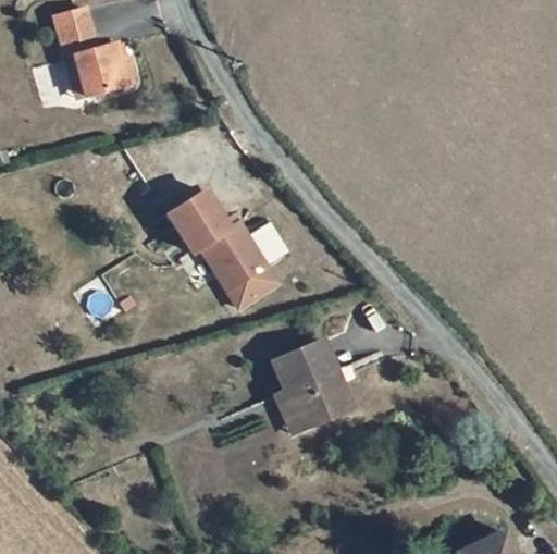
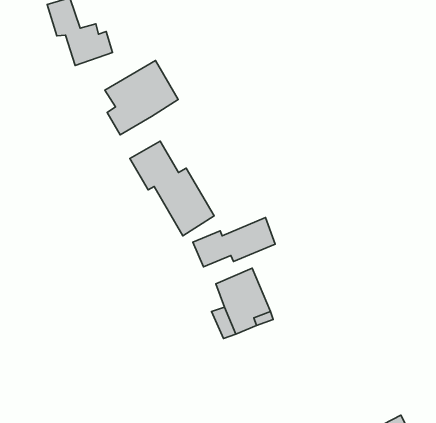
building: none -> [105,60,178,135]
building: none -> [193,217,275,267]

